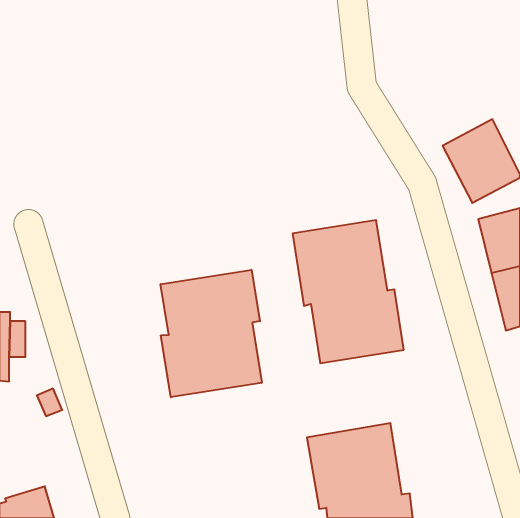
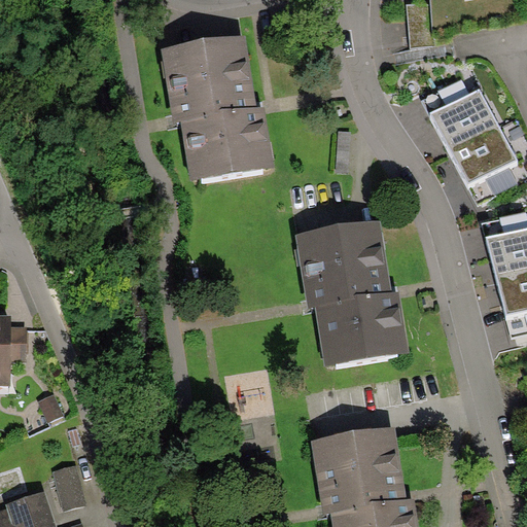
building: none -> [161,36,274,180]
building: none -> [421,71,497,147]
building: [161,270,262,397] -> none
building: none -> [52,463,85,510]

